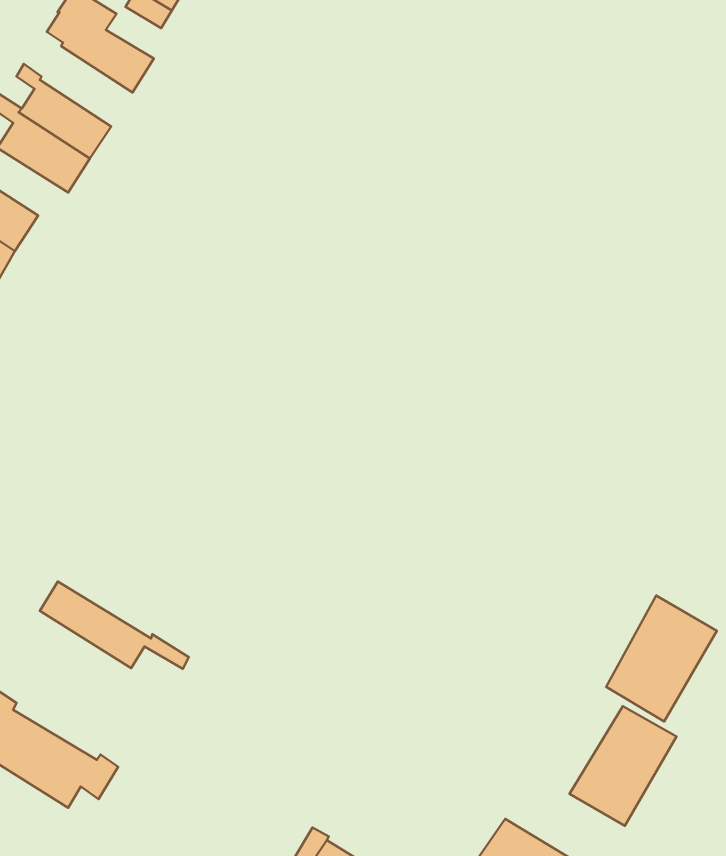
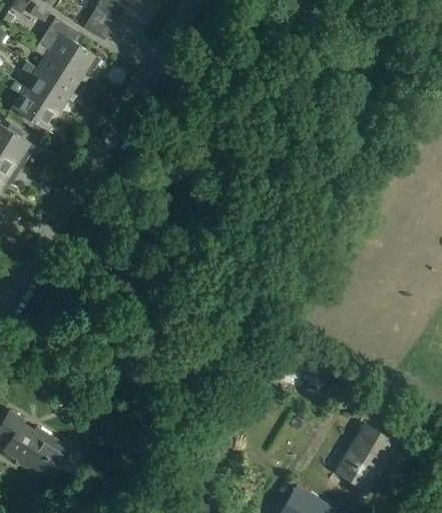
building: none -> [33,42,87,95]
building: [40,582,189,669] -> none
building: [606,595,717,721] -> none

